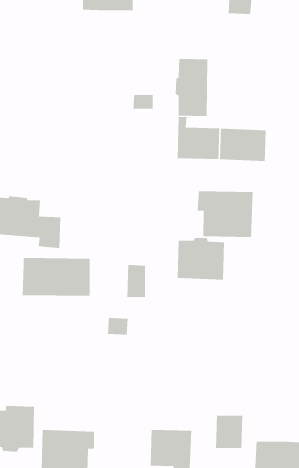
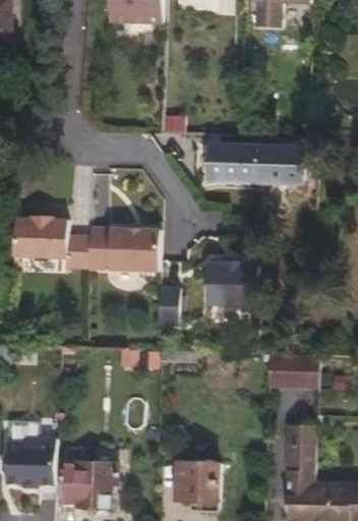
building: [175,58,208,117] -> none
building: [197,190,253,238] -> none
building: [22,257,90,297] -> [81,230,154,272]
building: none -> [270,354,320,381]
building: [215,415,243,449] -> [288,439,317,474]

